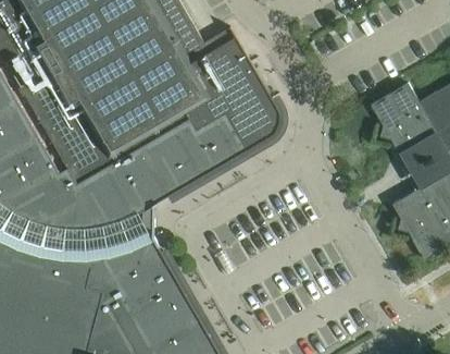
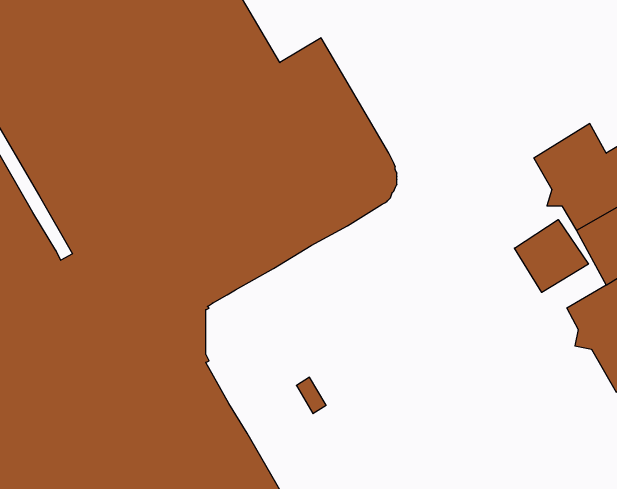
building: none -> [514,220,588,292]

